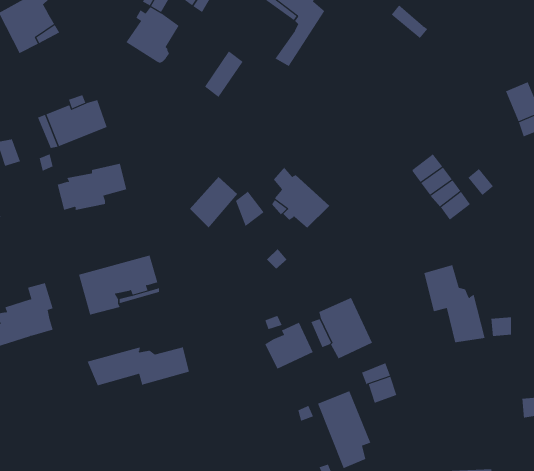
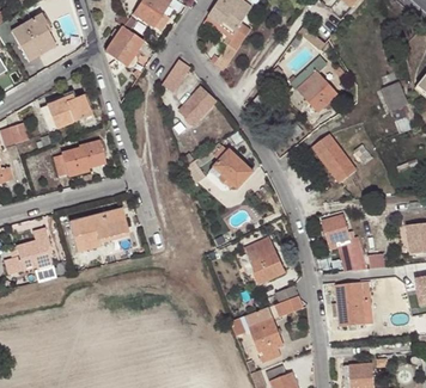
building: none -> [291,55,339,111]
building: [189,176,238,228] -> [179,86,215,124]
building: [264,322,314,369] -> none
building: [87,347,190,386] -> none
building: none -> [331,282,372,326]

